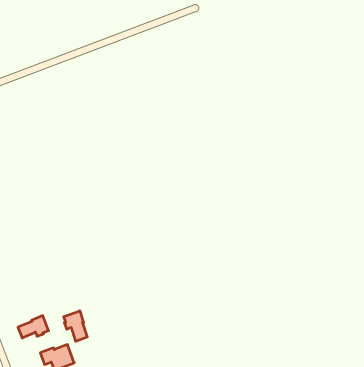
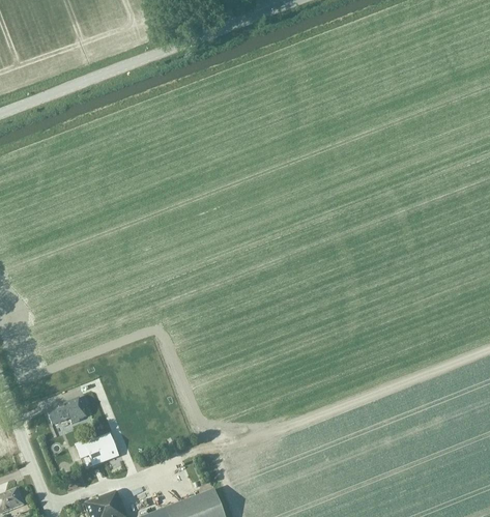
building: [64,311,87,341] -> none

